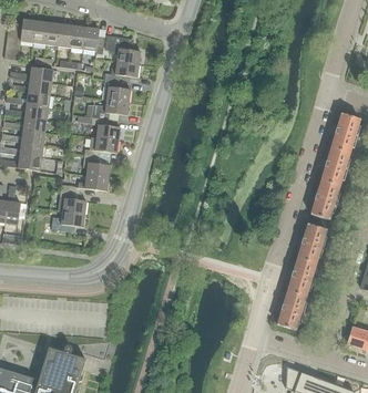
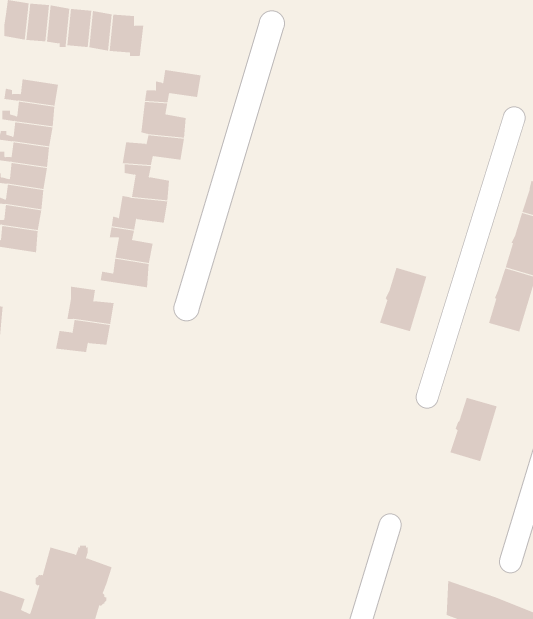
building: [105,35,141,64] -> none
building: [297,224,326,262] -> [379,267,427,332]
building: [277,290,306,329] -> none

